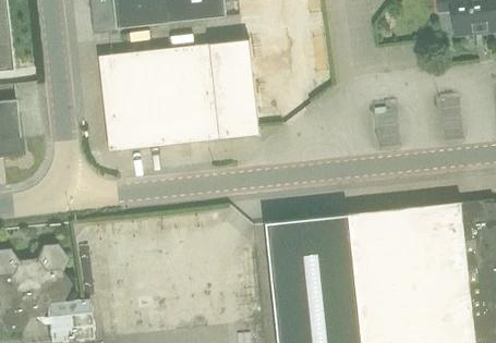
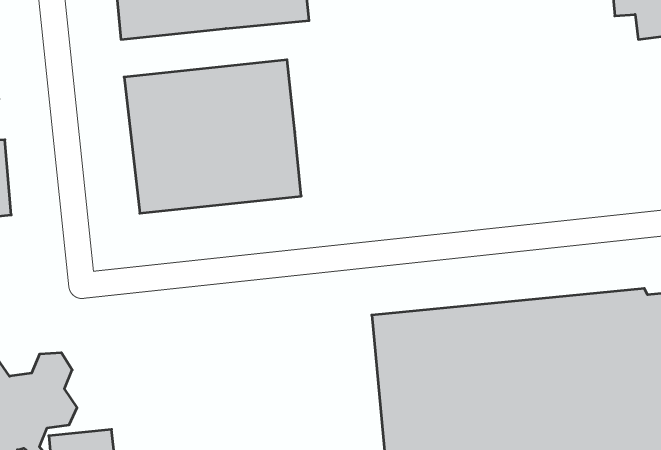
building: [209,38,257,137] -> none

